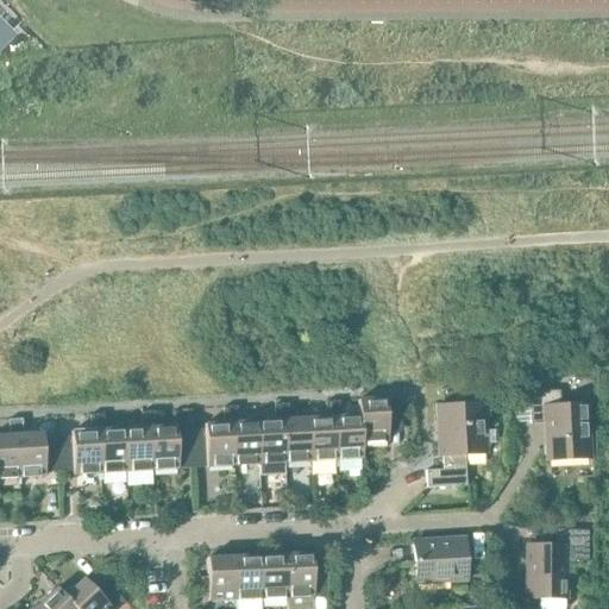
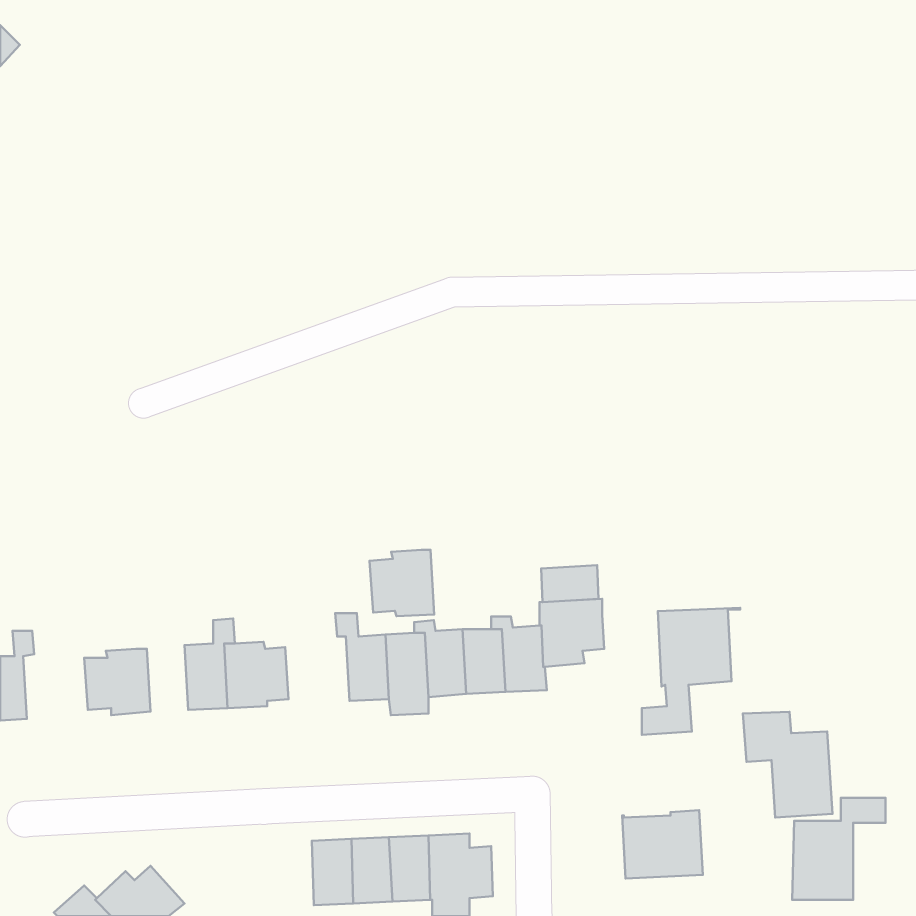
building: none -> [541,565,598,602]
building: [528,390,588,460] -> [743,712,832,817]
building: [89,414,125,472] -> none
building: [189,422,232,466] -> [370,550,434,616]
building: [15,433,58,477] -> none

